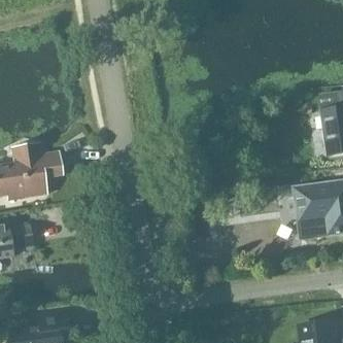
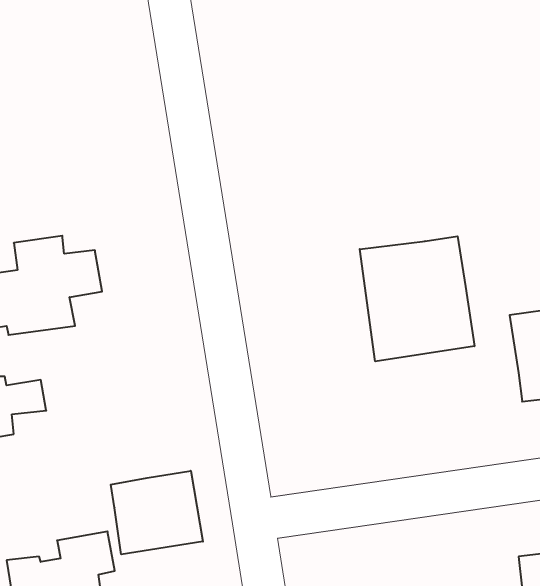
building: none -> [360,236,474,361]
building: none -> [111,471,203,554]

